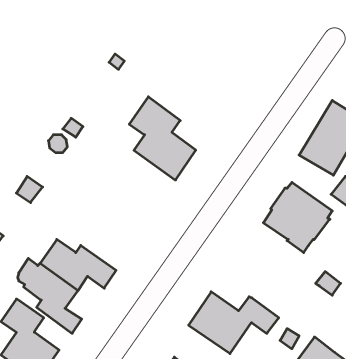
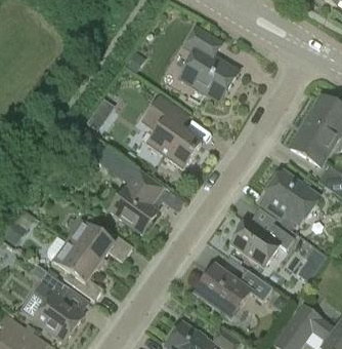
building: none -> [181,27,238,100]
building: none -> [96,145,164,232]
building: none -> [230,219,294,269]

